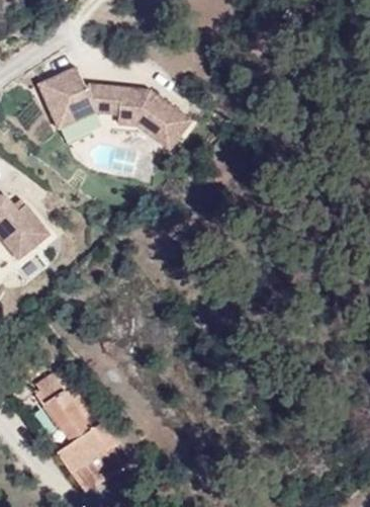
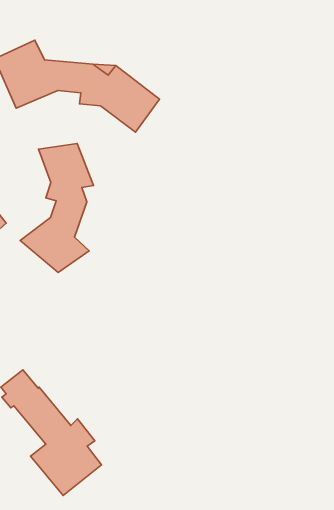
building: none -> [20,143,94,273]

